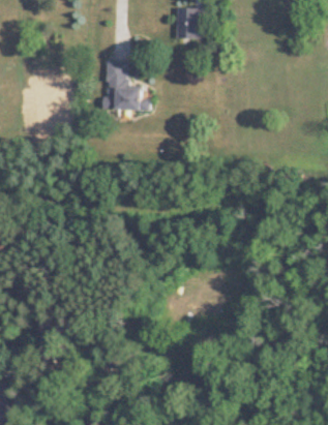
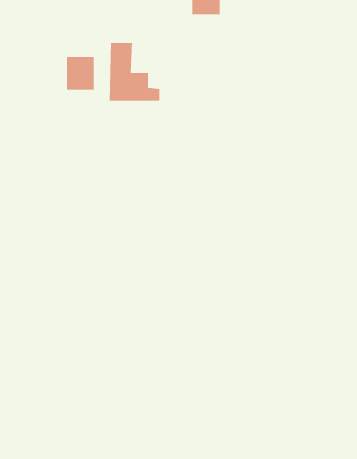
building: none -> [66,56,94,90]

